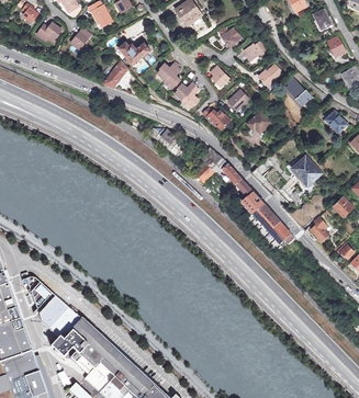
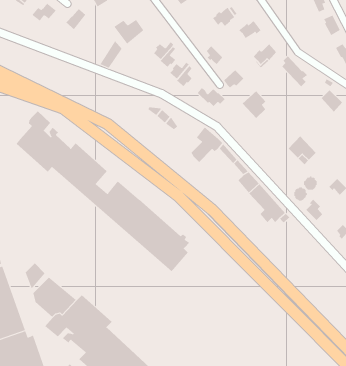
building: none -> [16,110,190,272]

